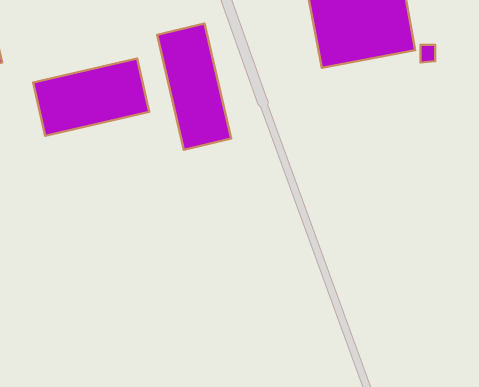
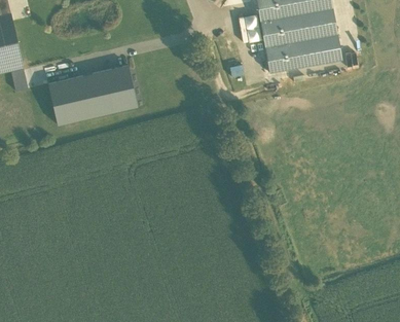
building: [157,24,231,150] -> none

